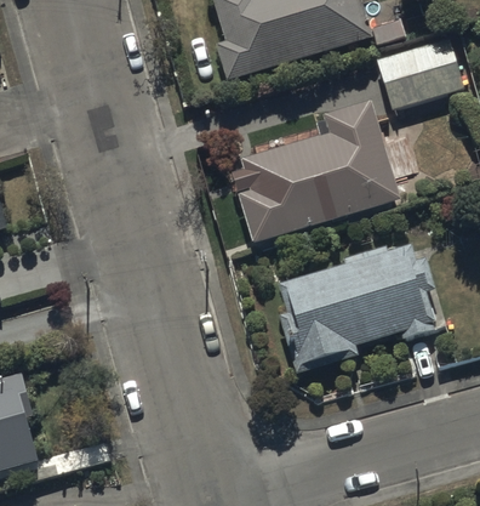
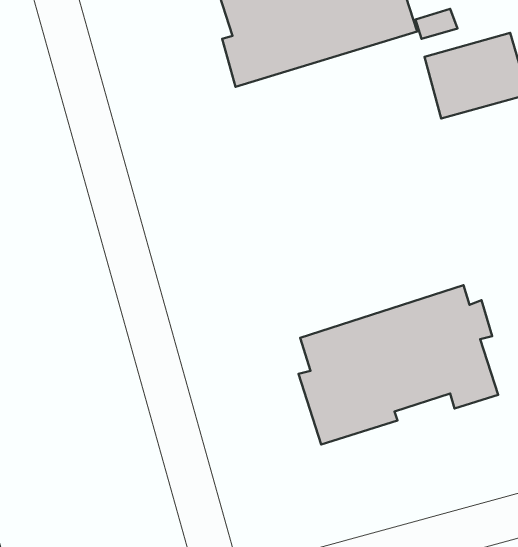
building: [232,98,401,243] -> none

